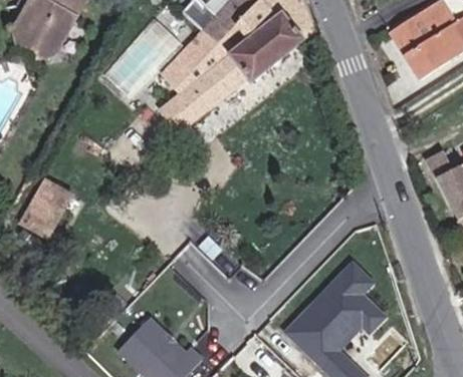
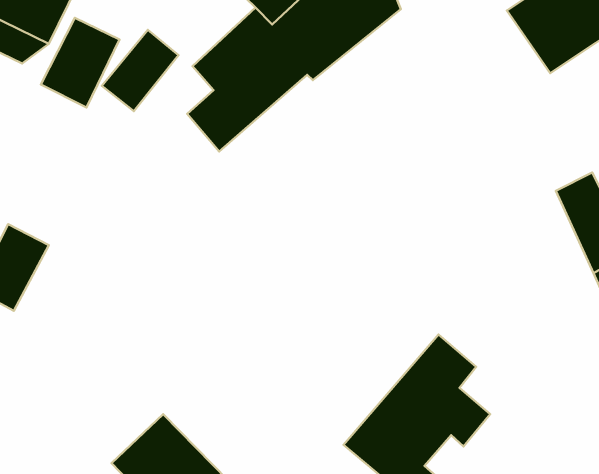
building: none -> [41,18,120,107]

